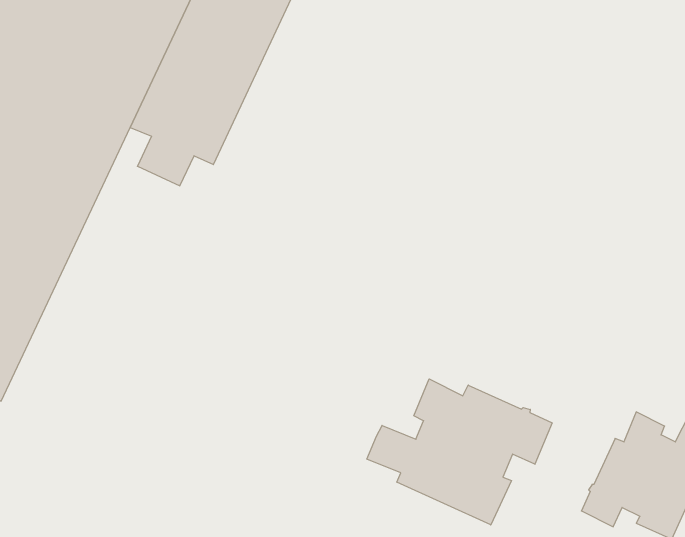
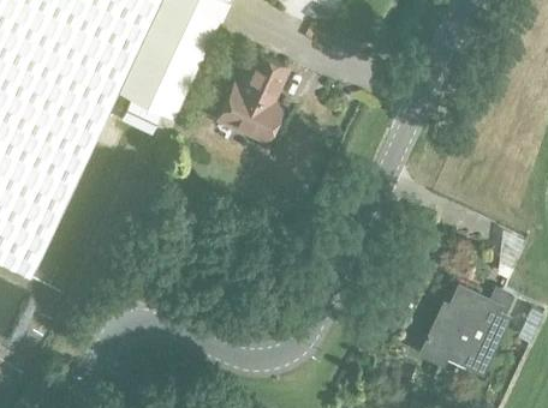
building: none -> [218,53,287,142]
building: [367,379,552,525] -> none

